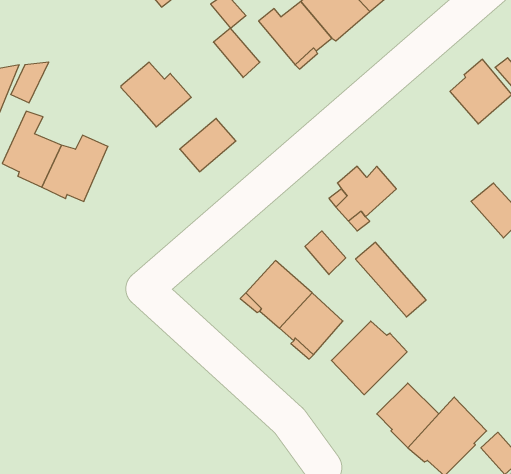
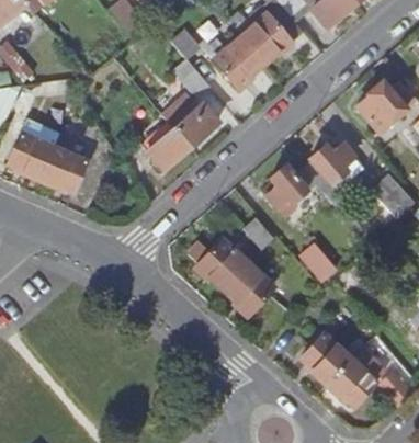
building: [121,62,191,127] -> [162,94,217,145]
building: none -> [299,144,356,190]
building: [331,321,407,395] -> none

